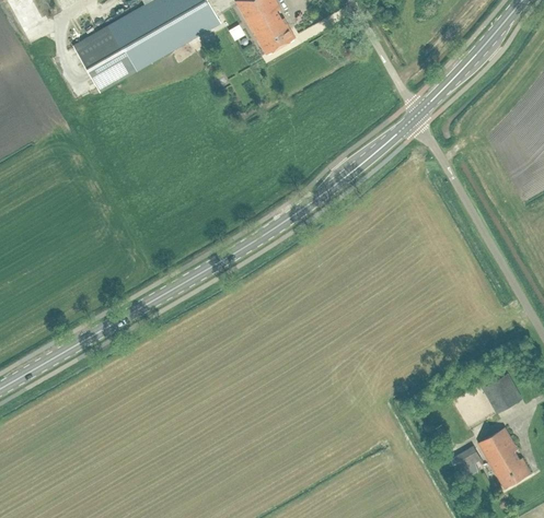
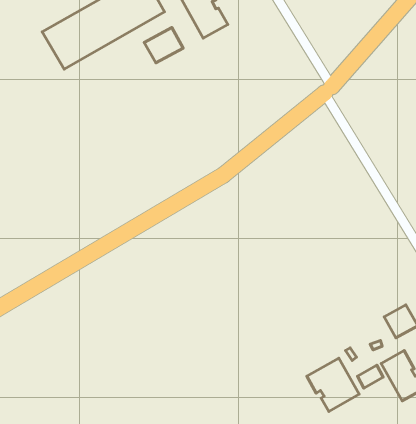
building: none -> [144,28,183,63]
building: none -> [307,358,359,411]

